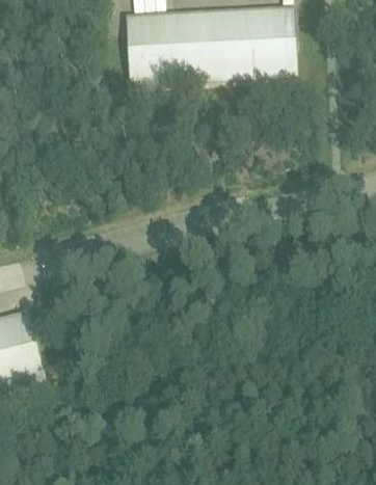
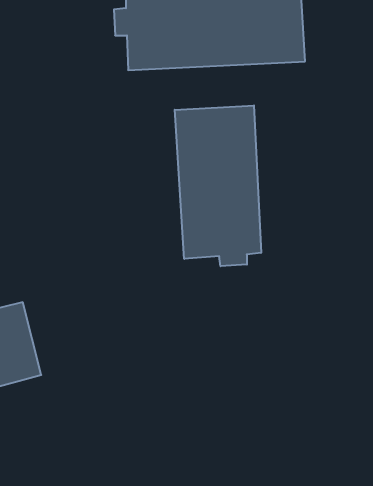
building: none -> [175,105,261,266]

